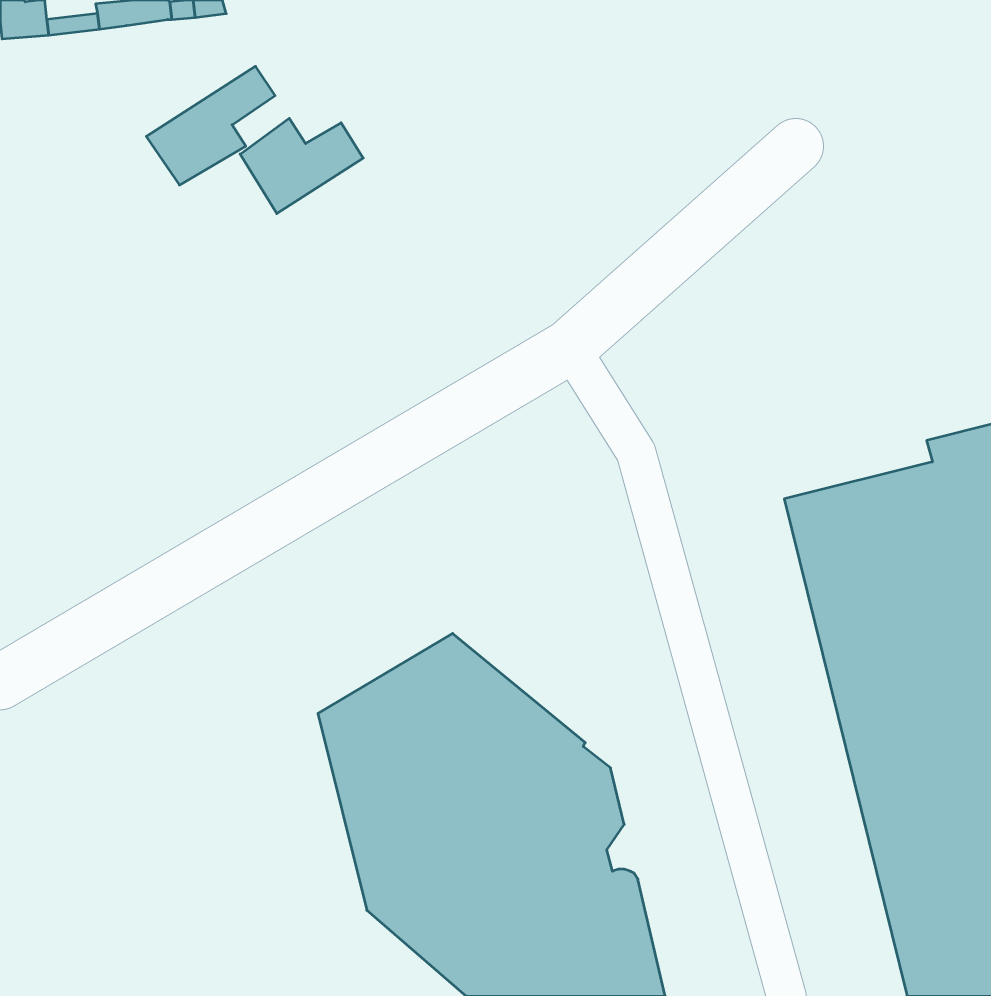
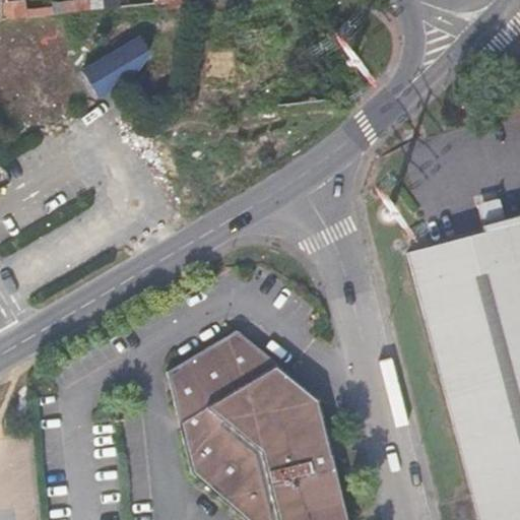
building: [240,118,363,214] -> none

